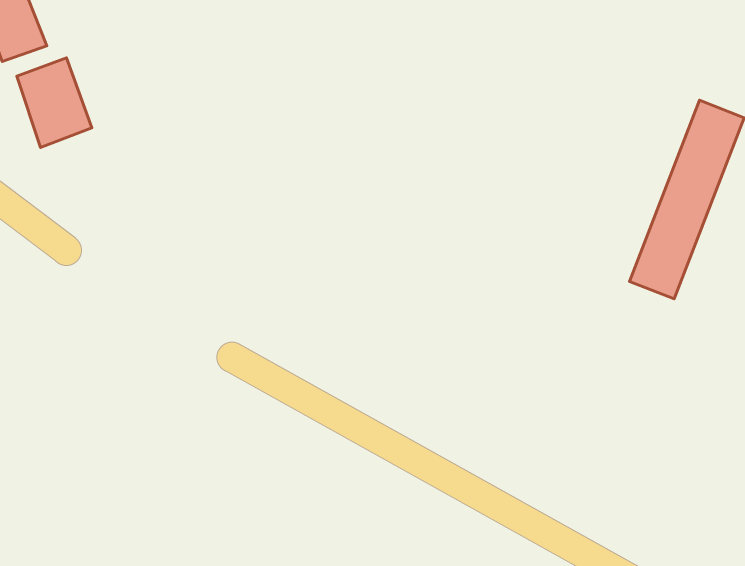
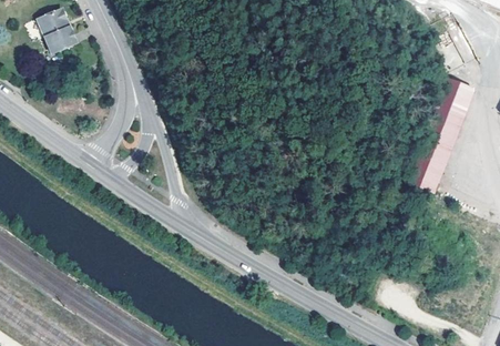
building: [17,58,92,147] -> none

